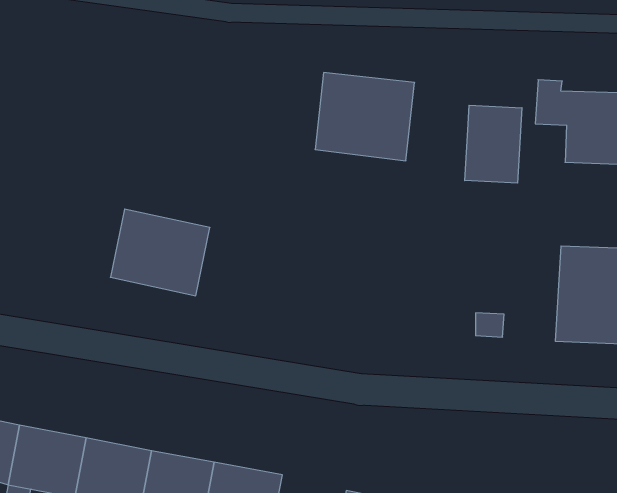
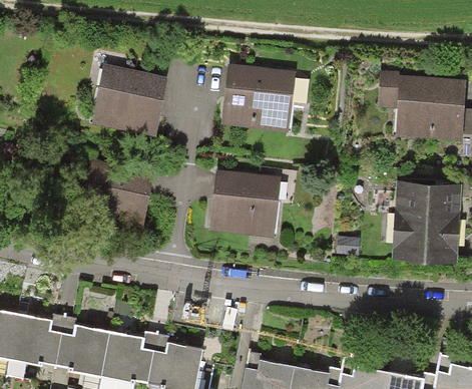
building: none -> [95,64,165,127]
building: [465,105,522,183] -> none
building: none -> [209,175,274,230]

